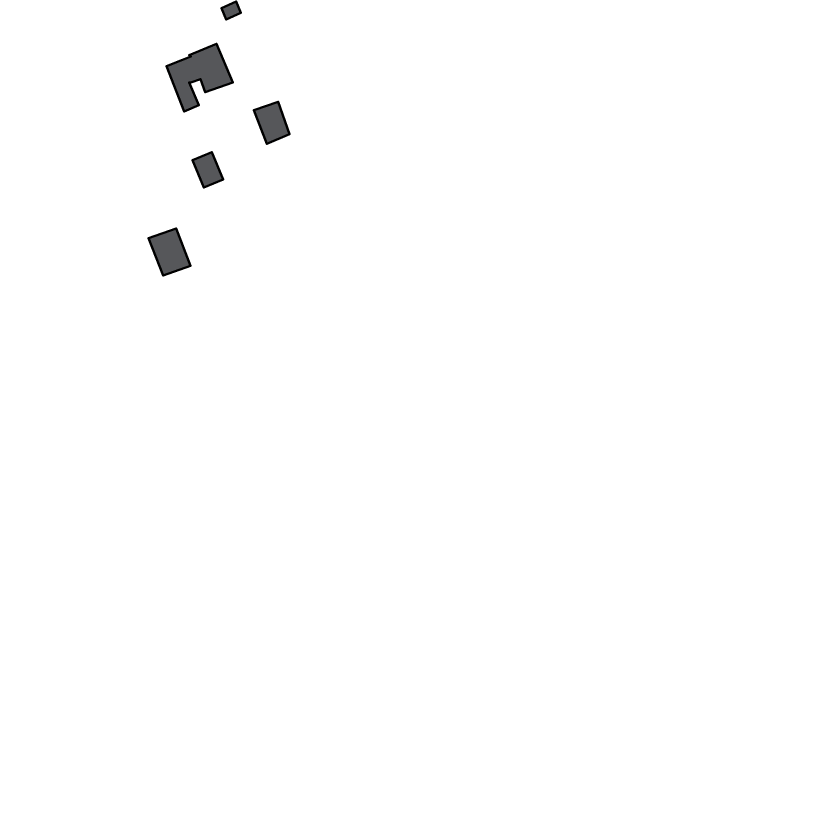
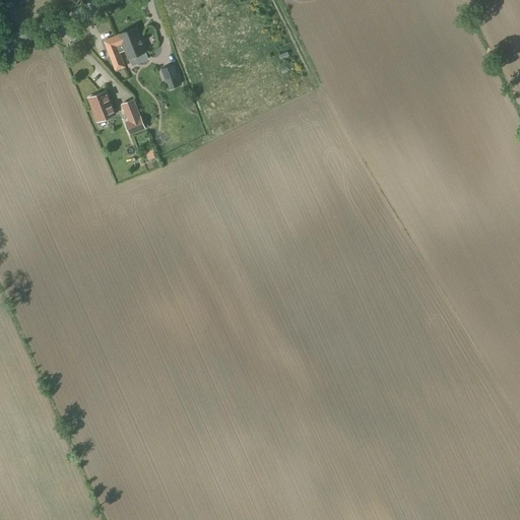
building: [149,229,191,276] -> [88,92,115,122]

